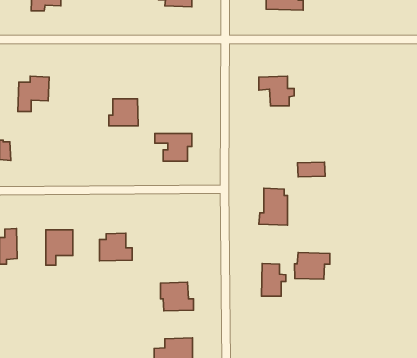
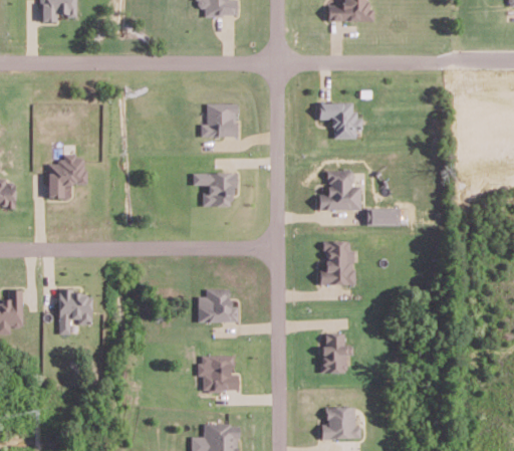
building: [18,76,49,111] -> [47,155,85,198]
building: [109,99,138,126] -> [201,103,237,137]
building: none -> [319,170,361,210]
building: [100,233,132,261] -> [198,288,238,322]
building: [295,253,330,279] -> none
building: none -> [321,407,360,438]

